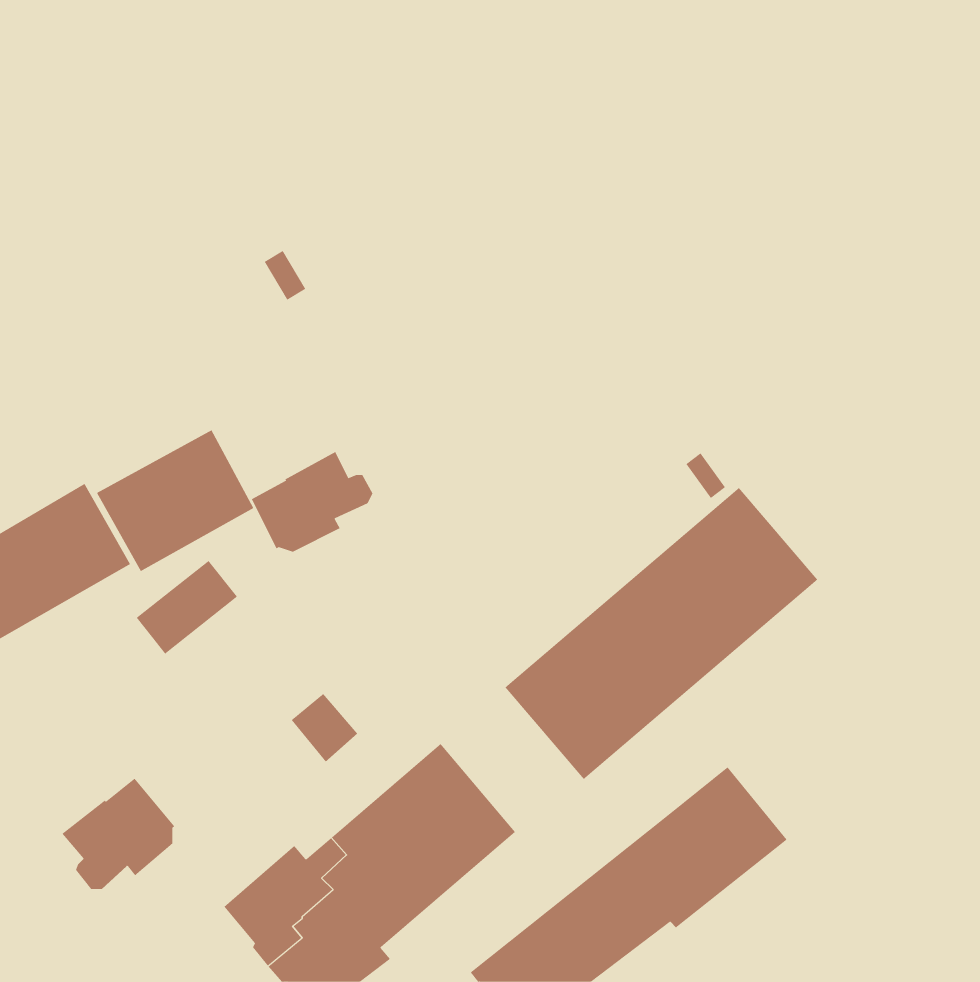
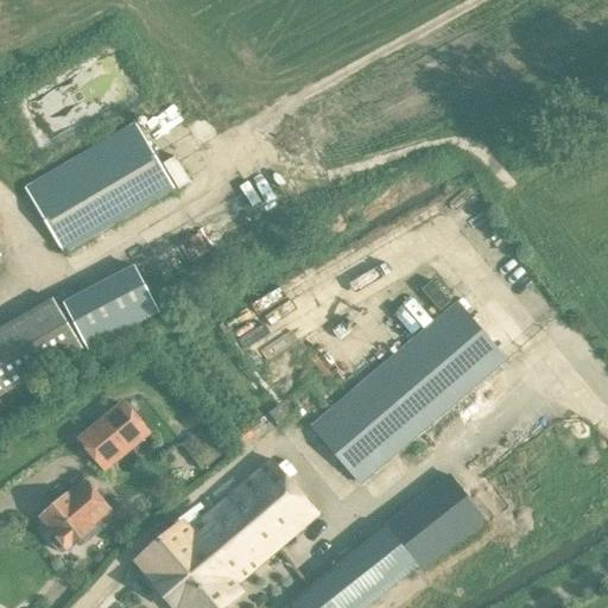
building: none -> [25,122,172,252]
building: [251,451,373,553] -> none
building: [136,560,238,654] -> [78,406,141,464]

